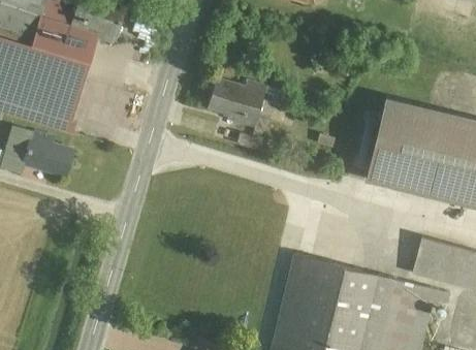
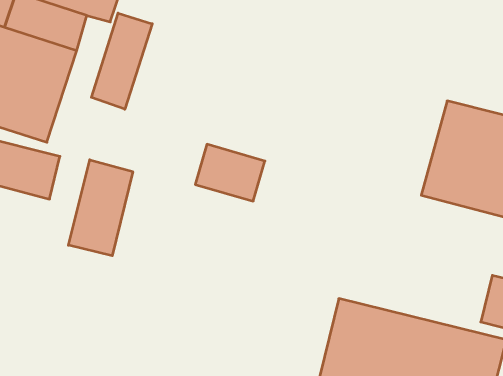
building: none -> [91,13,152,109]
building: [209,78,264,124] -> [195,144,265,201]
building: none -> [68,160,133,256]

